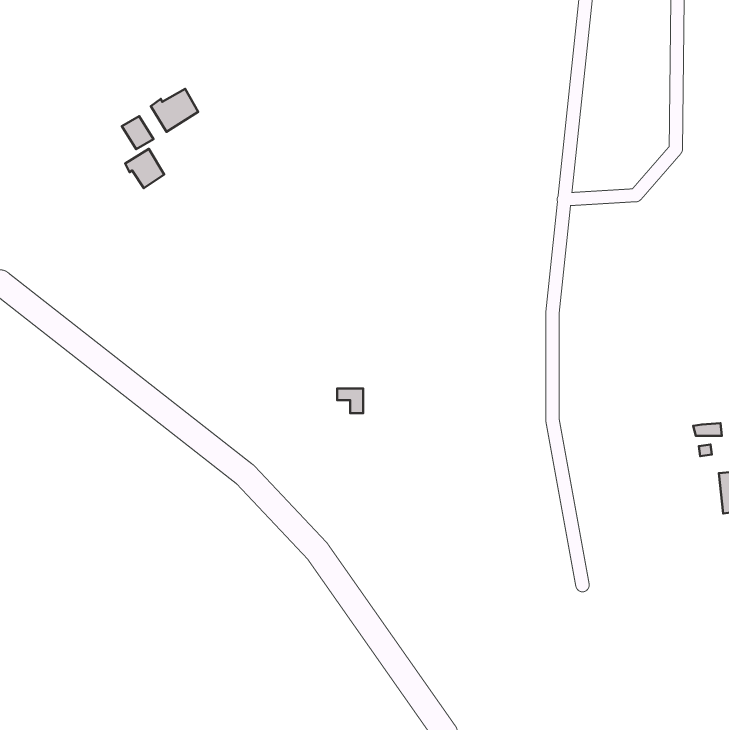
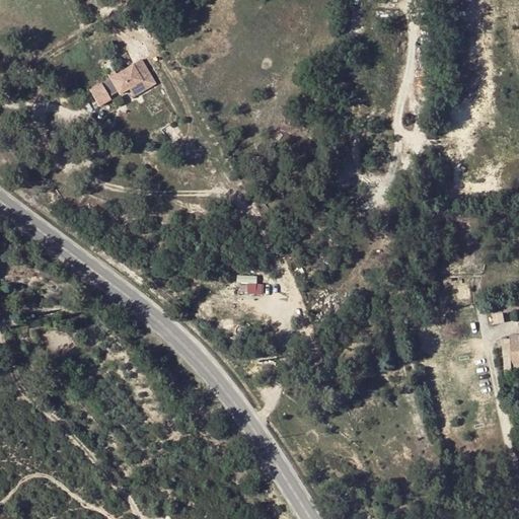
building: [125,149,164,188] -> none

